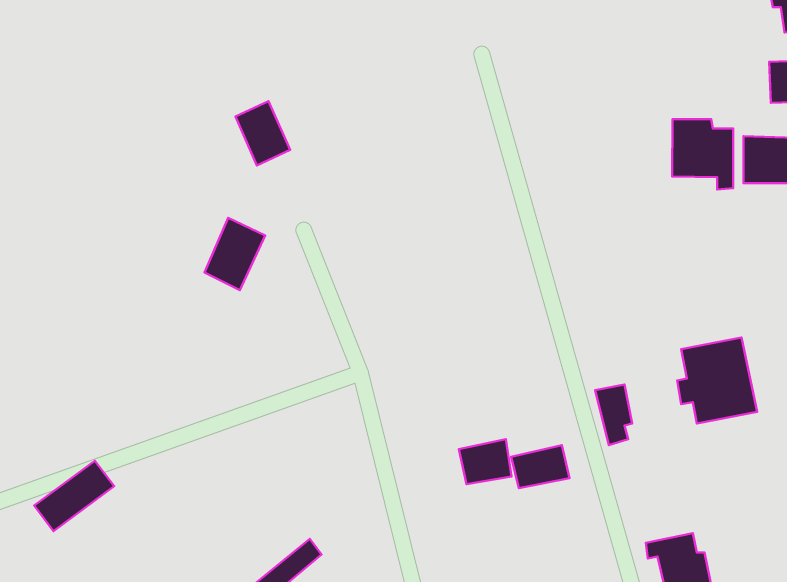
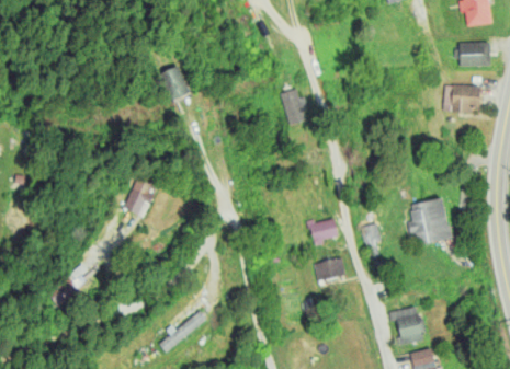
building: [672,119,733,190] -> none
building: none -> [282,89,307,125]
building: [205,218,265,290] -> [124,176,158,217]
building: [459,439,512,484] -> [308,217,338,242]

